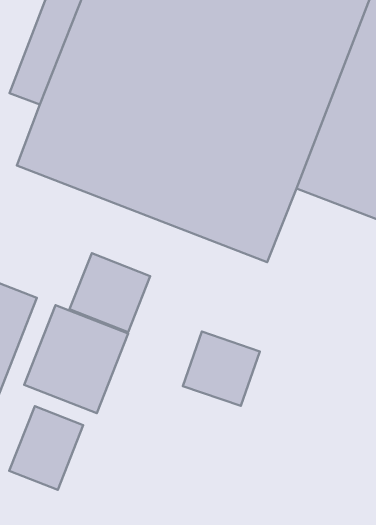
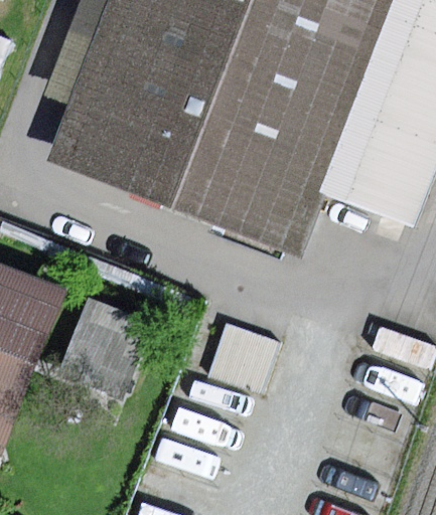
building: [70,253,150,332] -> none
building: [9,406,83,490] -> none

